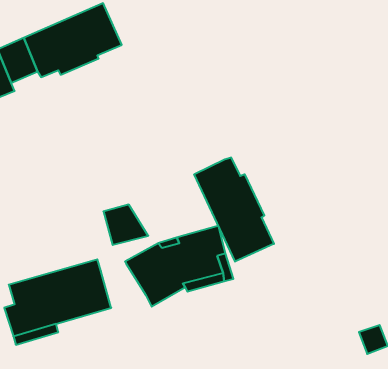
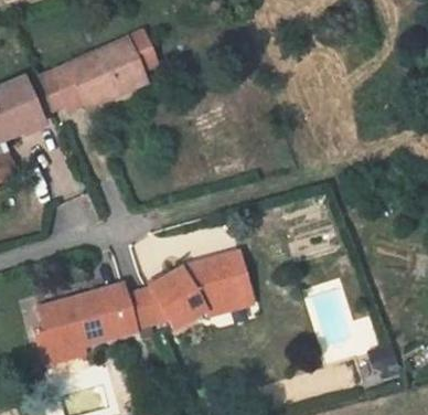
building: [194,157,274,262] -> none
building: [103,205,148,245] -> [127,287,170,326]

